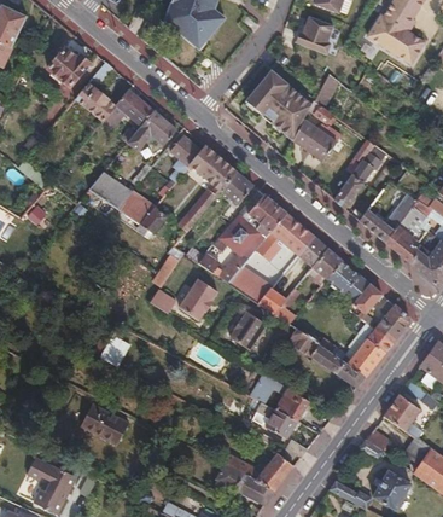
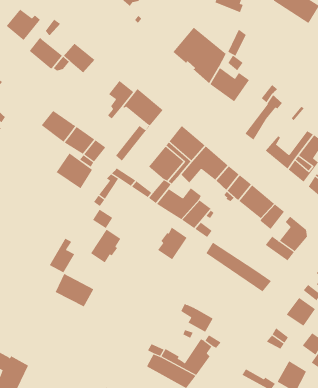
building: [127,110,177,151] -> none
building: [221,170,253,204] -> none
building: none -> [56,152,93,189]
building: [179,278,216,319] -> [90,229,121,263]
building: [348,338,386,376] -> none
building: [250,373,309,420] -> none
building: [81,403,128,445] -> [55,273,94,307]

